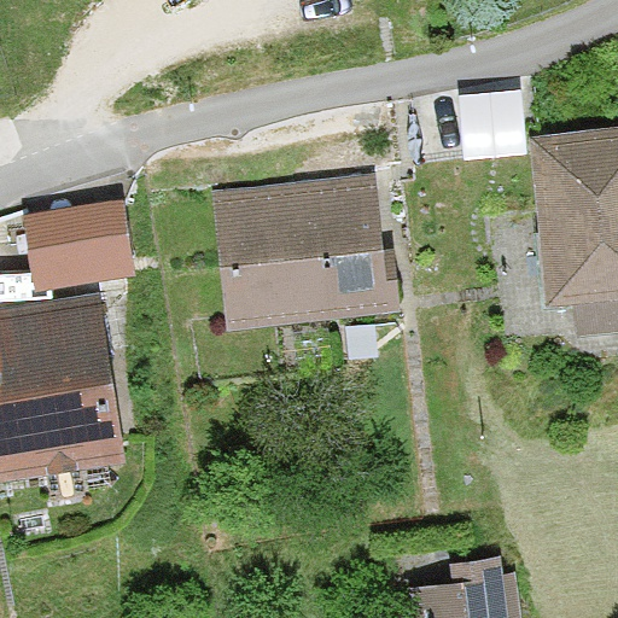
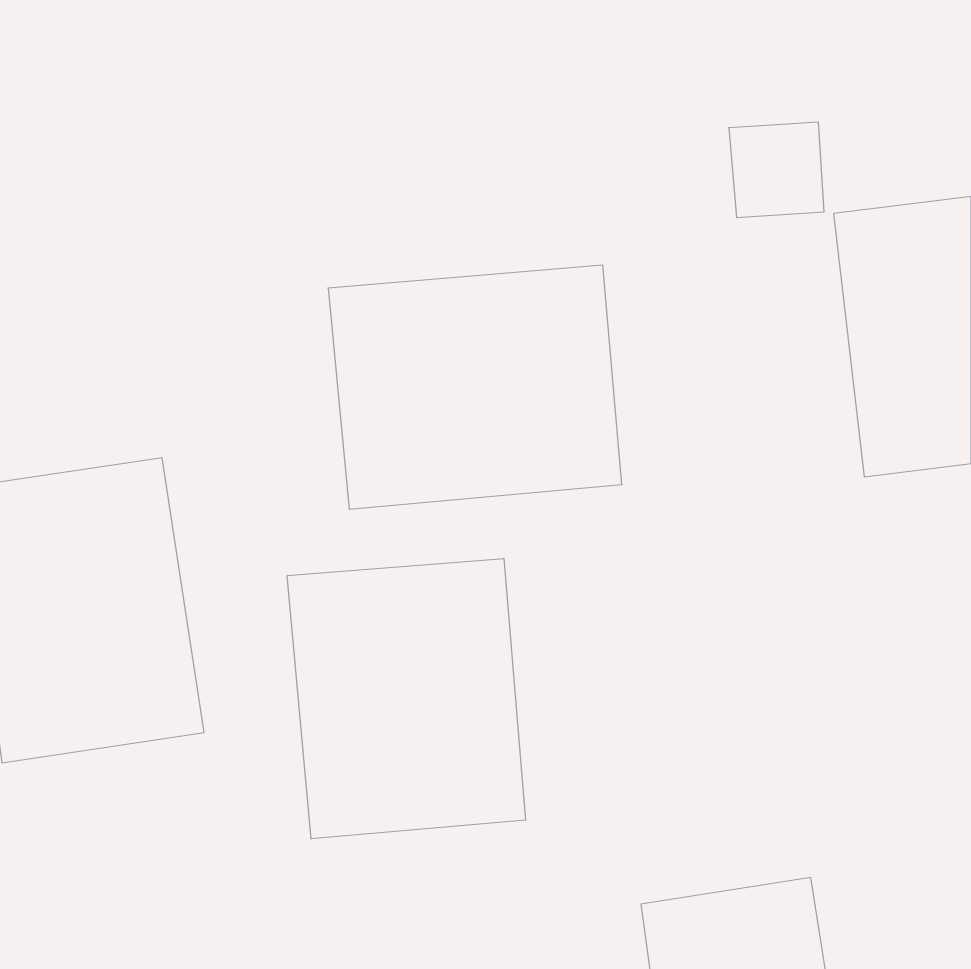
building: [21,200,136,295] -> none
building: none -> [287,558,525,839]

